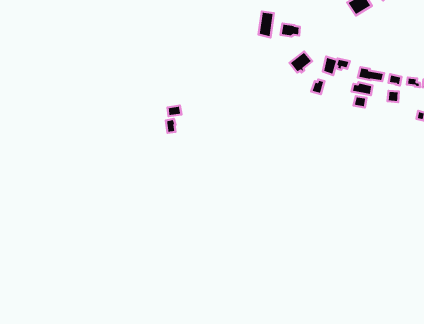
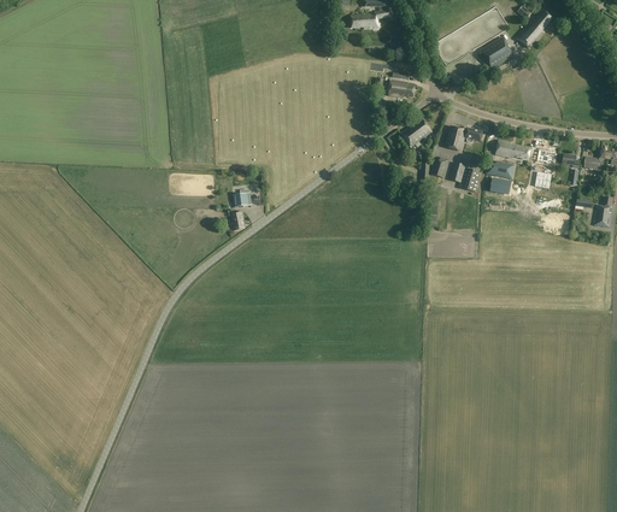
building: [258,12,274,37] -> none
building: none -> [449,161,481,190]

